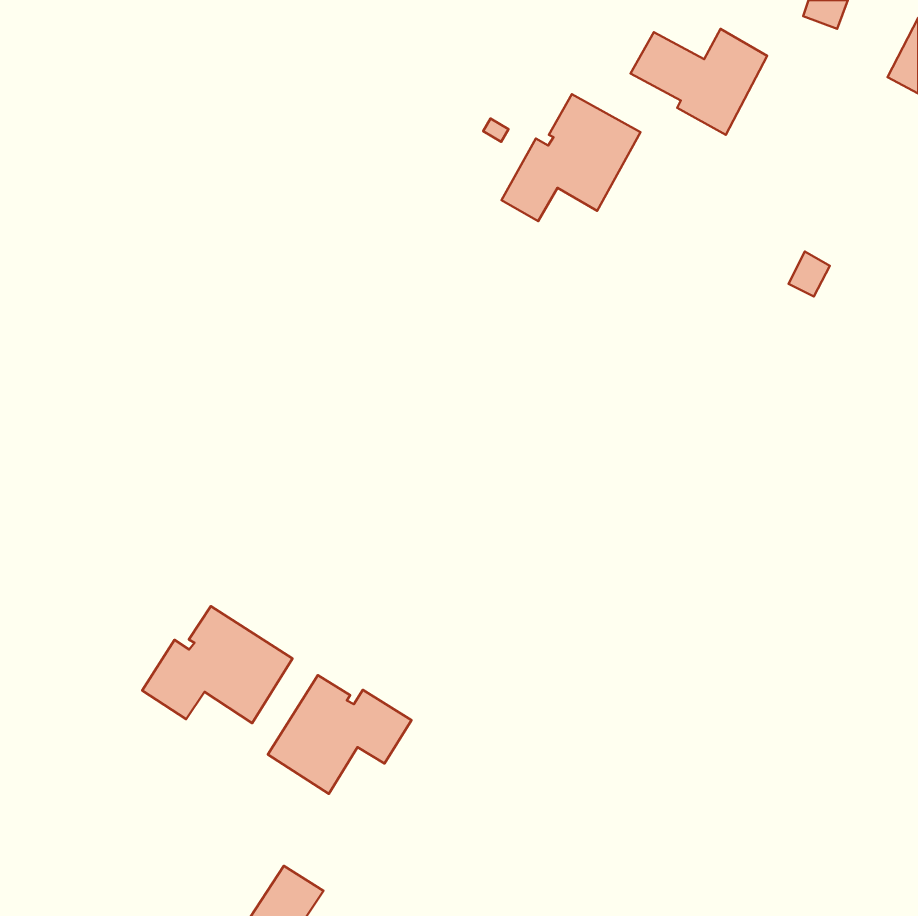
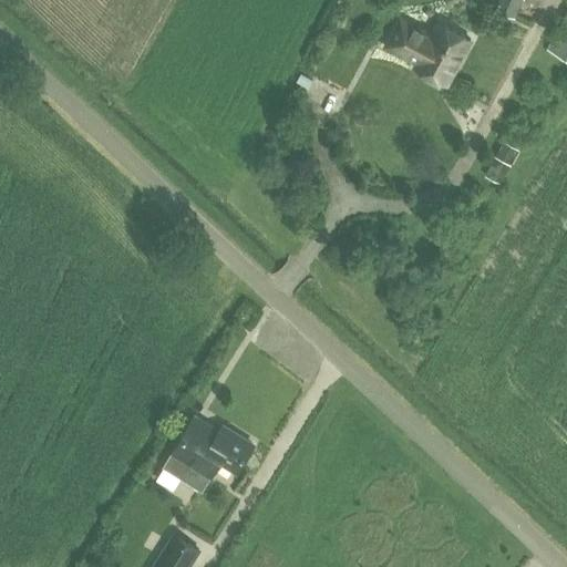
building: [501,94,640,221] -> none
building: [142,606,293,723] -> none

